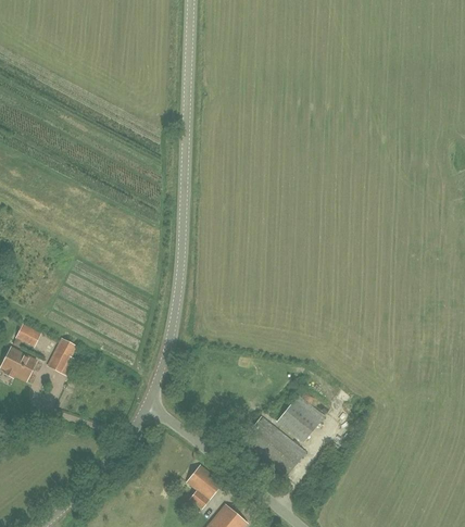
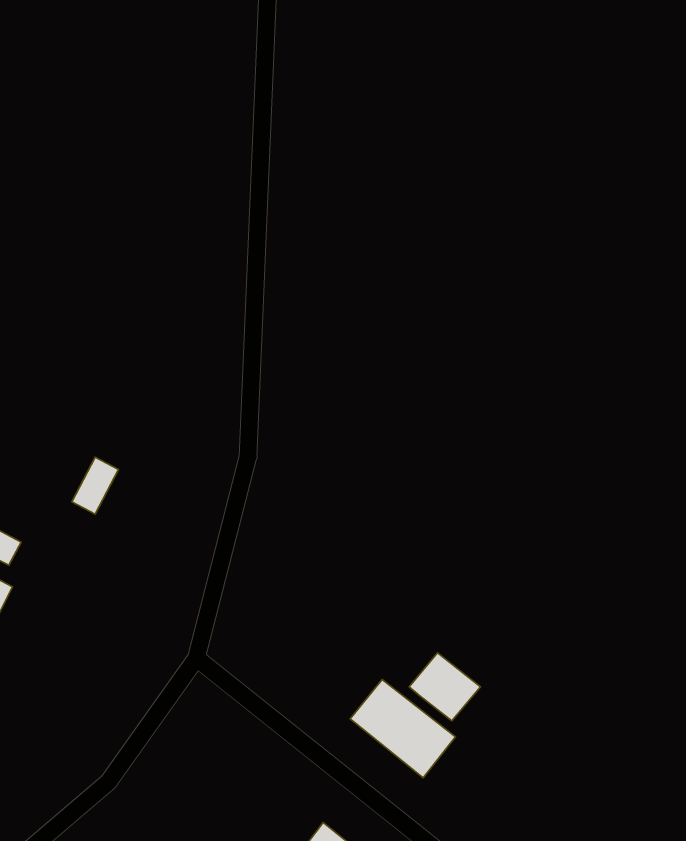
building: [48,338,76,373] -> [72,457,118,514]
building: [186,464,223,507] -> none

